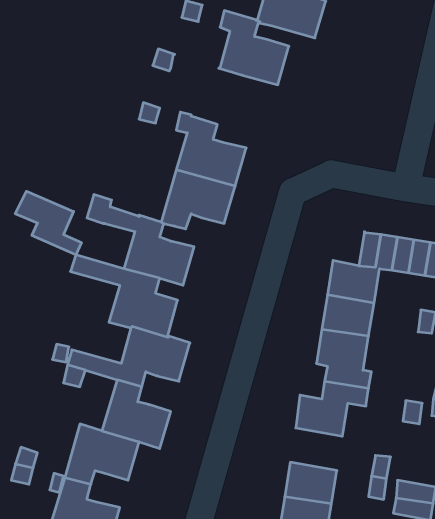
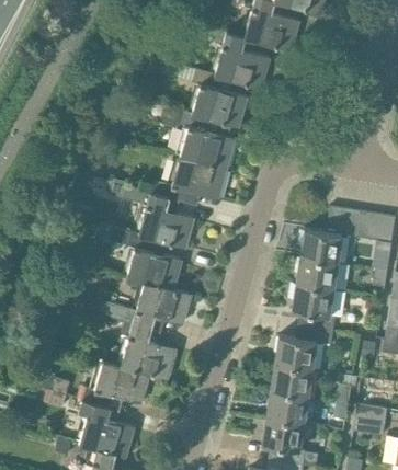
building: none -> [192,69,247,128]
building: [15,191,81,255] -> none
building: none -> [271,363,312,397]

